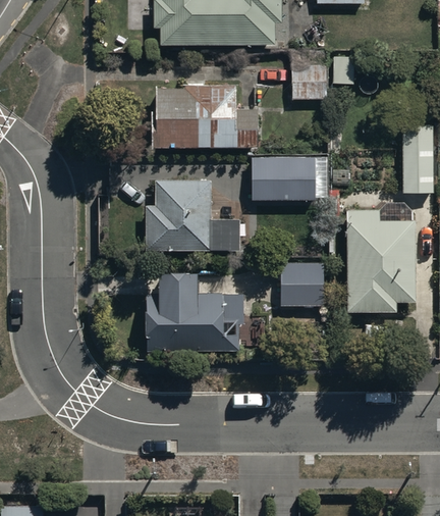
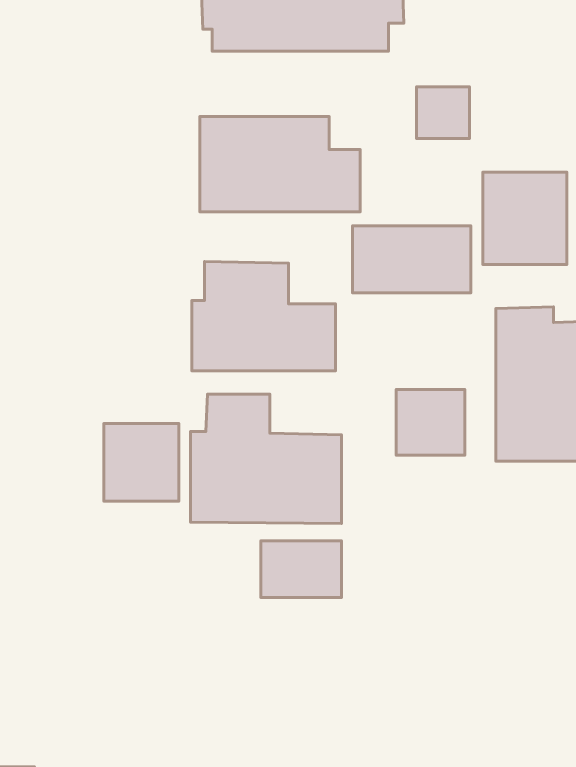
building: none -> [483,172,567,265]
building: none -> [104,424,179,501]
building: none -> [261,541,341,598]

